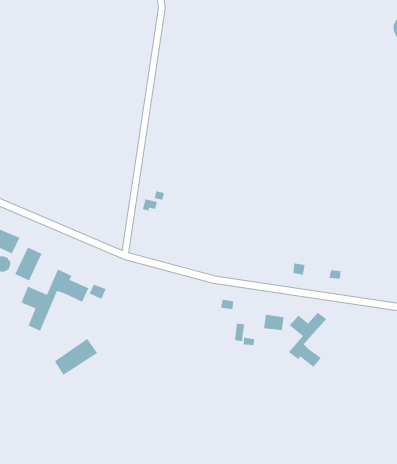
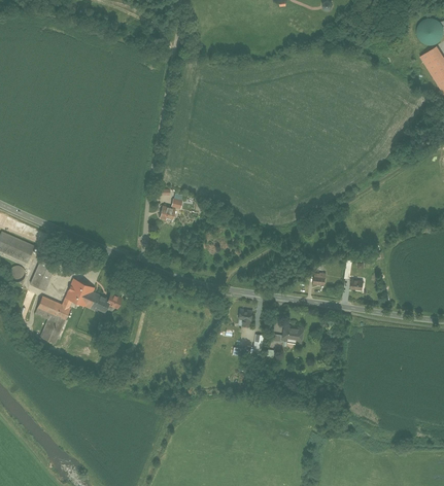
building: [288,312,327,368] -> none
building: [54,338,98,376] -> none

